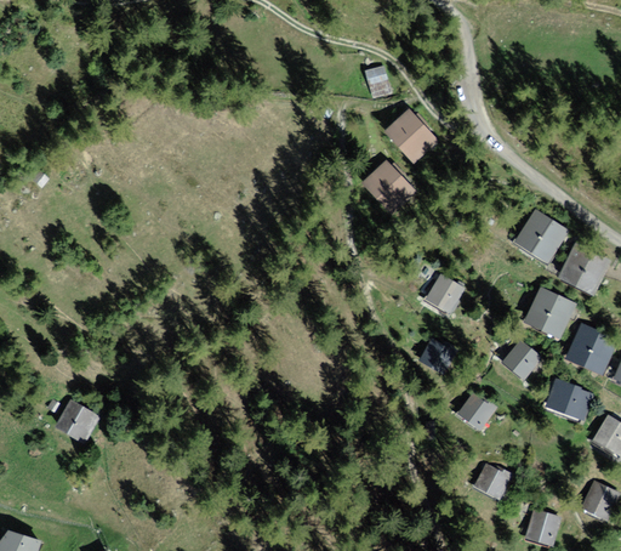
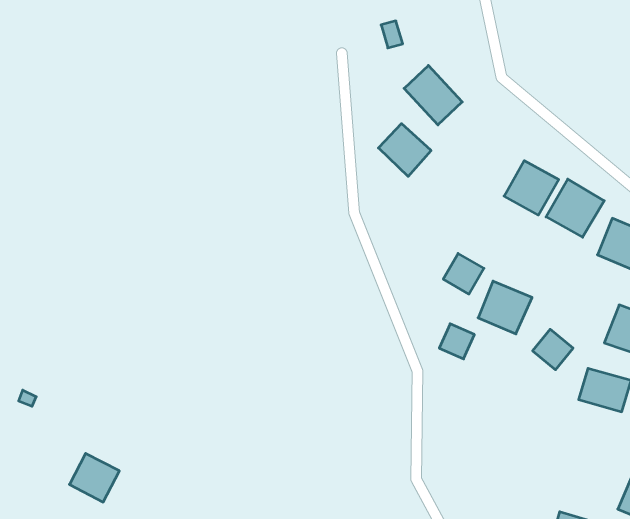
building: none -> [504,161,559,215]
building: [528,288,576,335] -> [478,281,532,334]
building: [454,393,491,431] -> none
building: [53,401,98,444] -> [69,453,119,502]
building: [473,465,509,500] -> none

